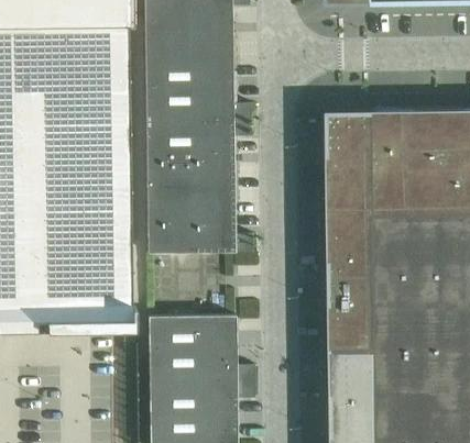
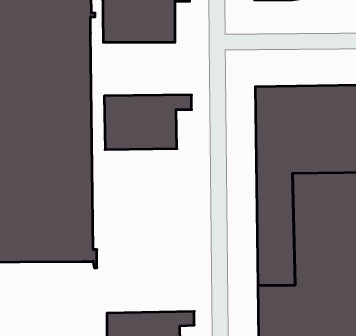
building: [143,56,250,121] -> none
building: [145,185,251,253] -> none
building: [146,315,253,384] -> none

